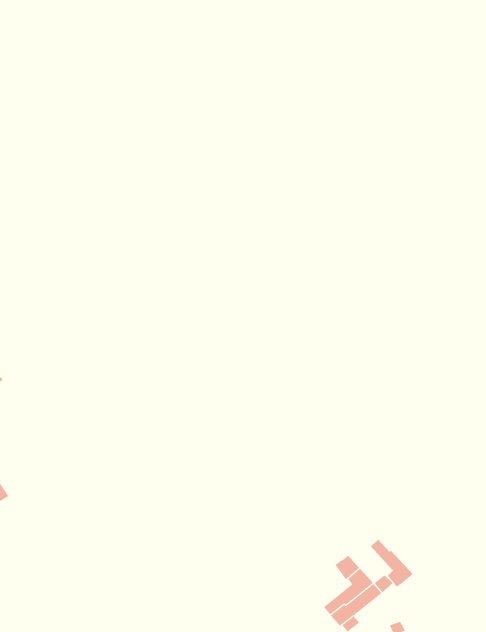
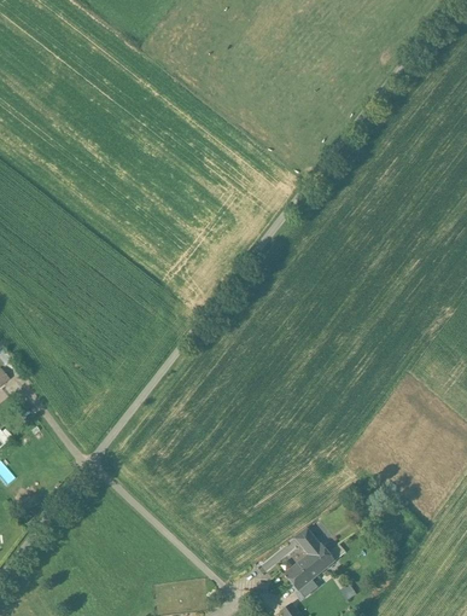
building: [370,539,413,587] -> none

